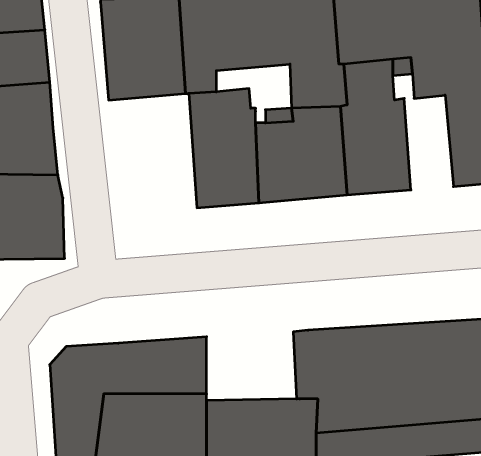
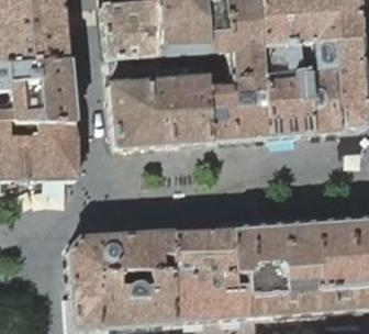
building: none -> [108,67,168,149]
building: none -> [308,68,340,132]
building: none -> [175,227,235,274]

